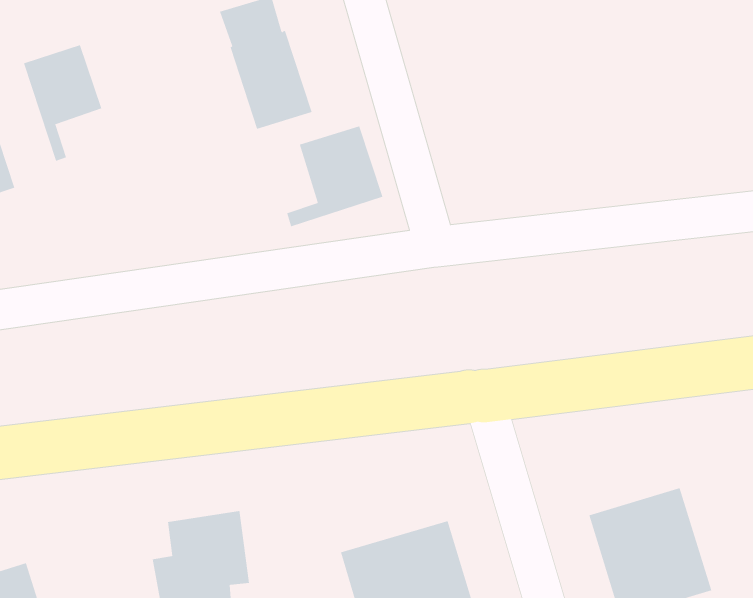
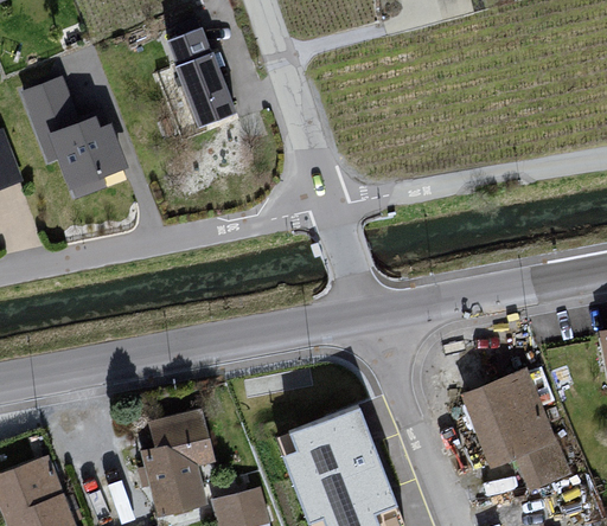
building: none -> [49,114,129,188]
building: [286,125,383,227] -> none

